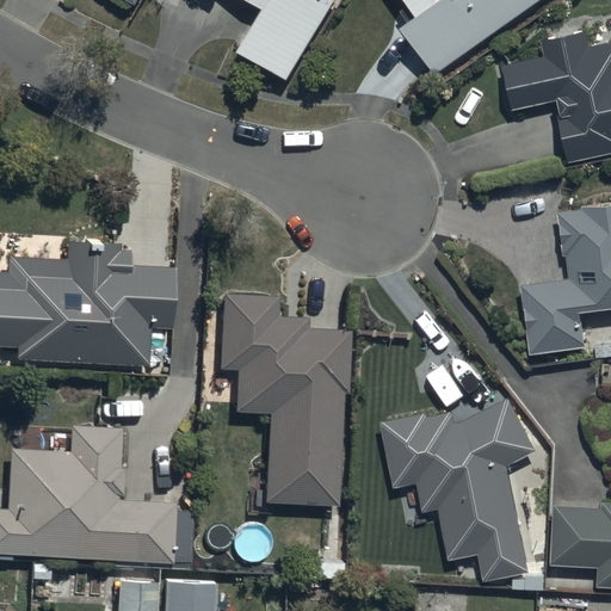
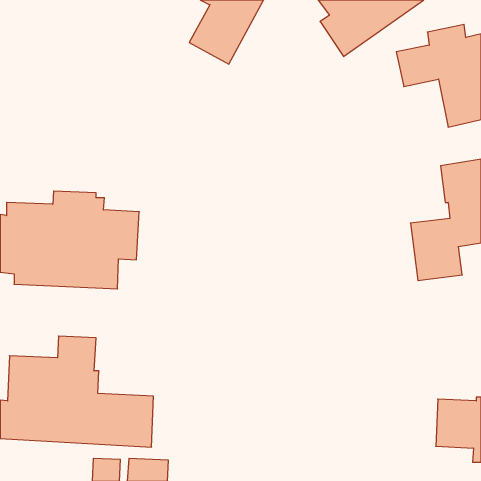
building: [218,296,348,505] -> none
building: [381,399,536,580] -> none

